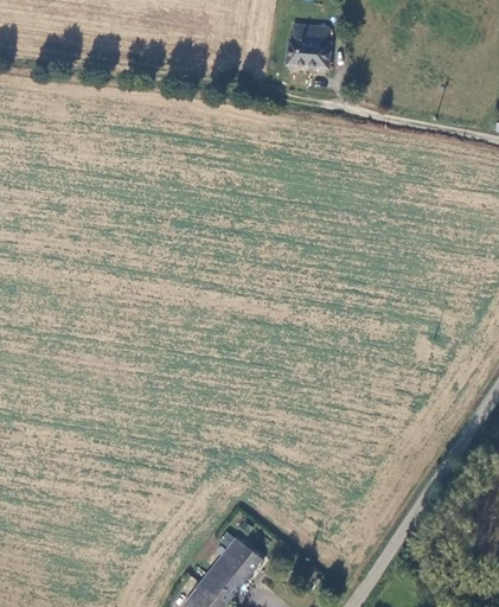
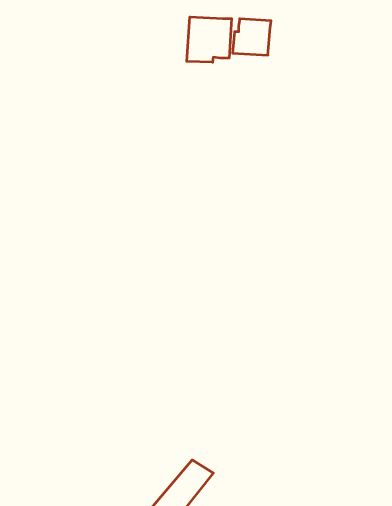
building: none -> [187,17,232,62]

